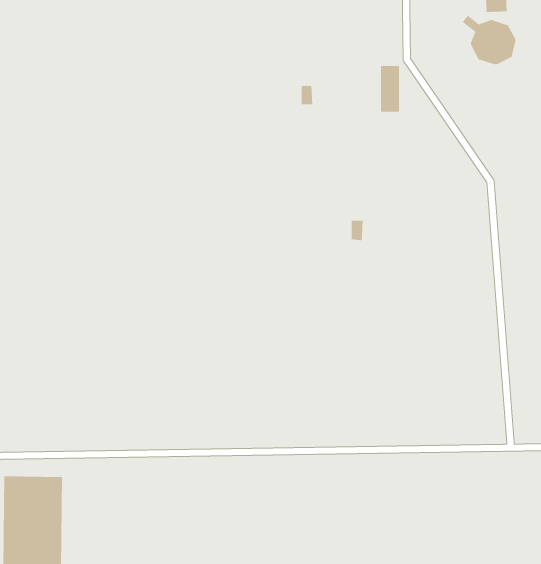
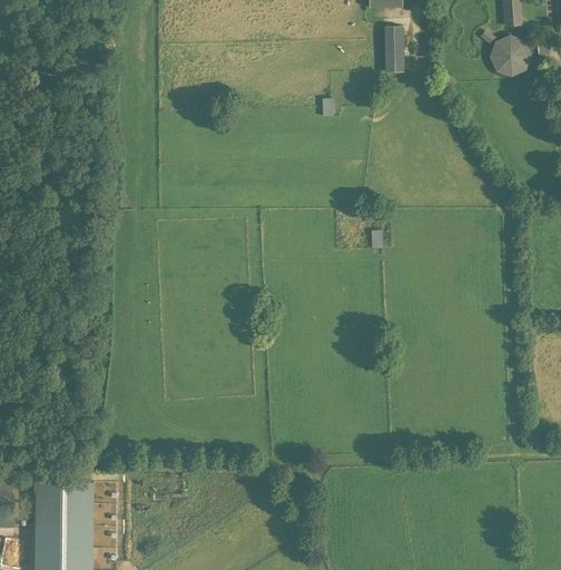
building: [380,65,400,112] -> [384,24,403,70]

